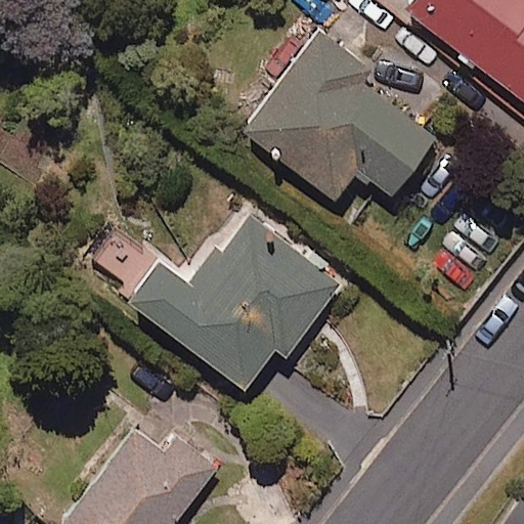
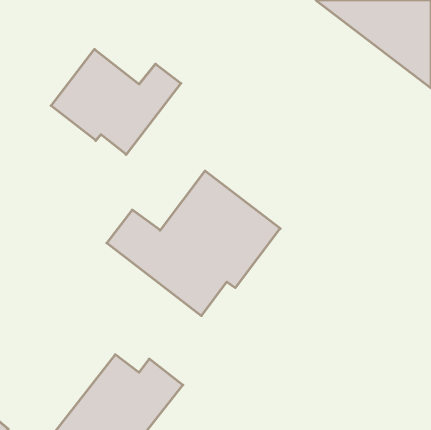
building: [242,30,434,198] -> none
building: none -> [51,49,181,155]

